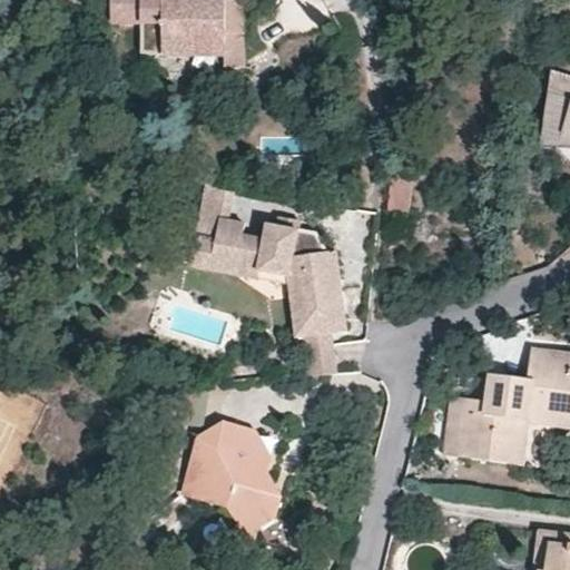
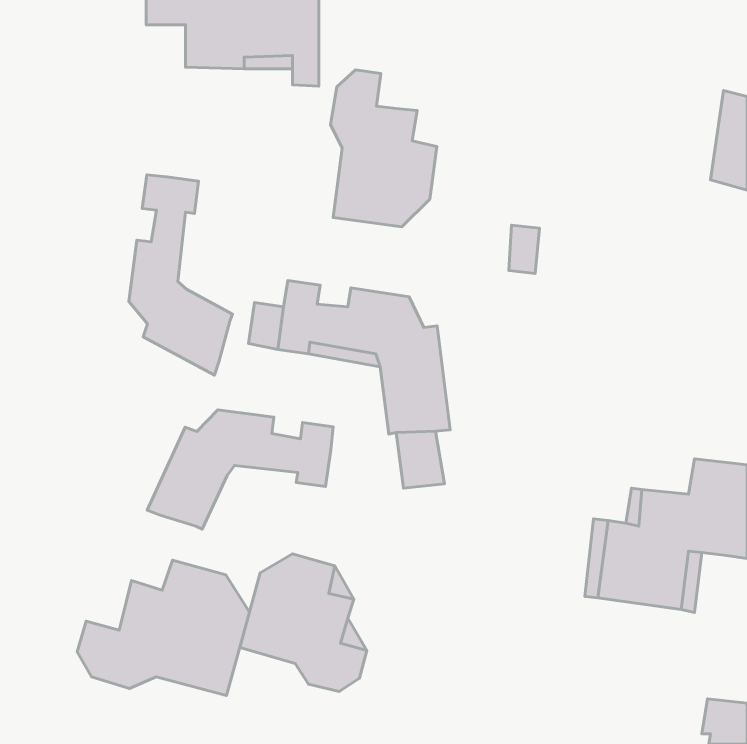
building: none -> [331,70,437,227]
building: none -> [129,175,233,375]
building: none -> [147,410,333,529]
building: none -> [77,560,249,695]

